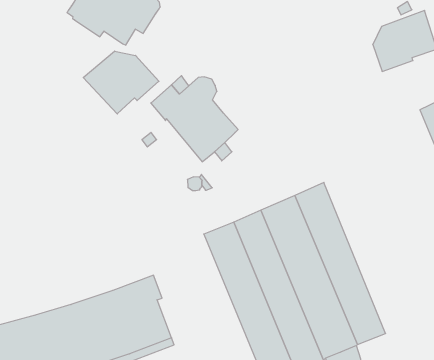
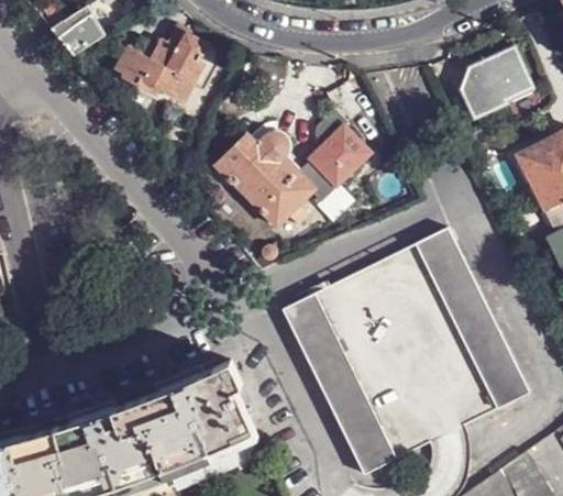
building: [83,51,159,114] -> none
building: none -> [298,110,371,205]
building: none -> [416,230,528,410]

